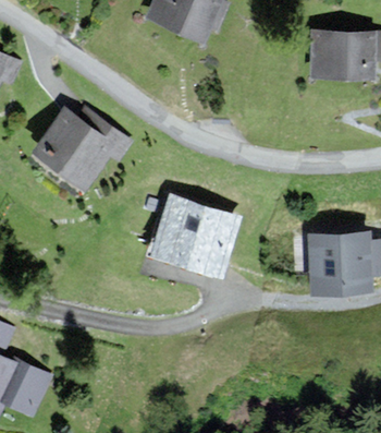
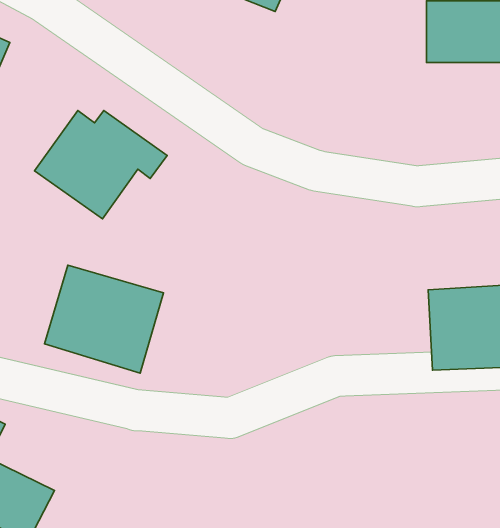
building: [153,200,237,276] -> [45,265,163,373]

